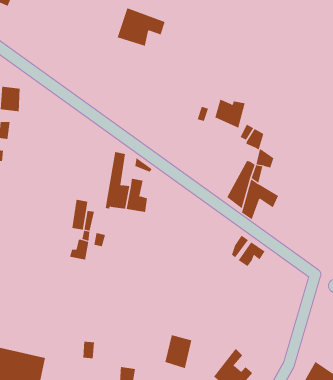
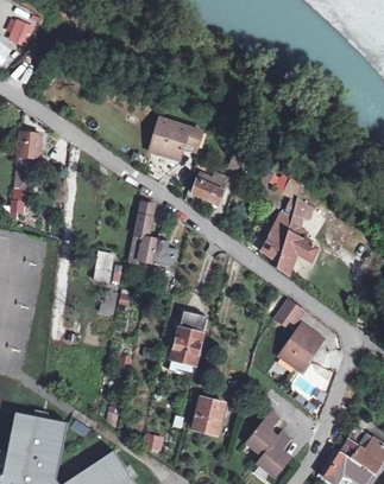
building: [117,8,166,46] -> [147,119,200,160]
building: [214,99,245,129] -> [193,174,226,206]
building: none -> [171,312,206,365]
building: none -> [277,324,322,371]

